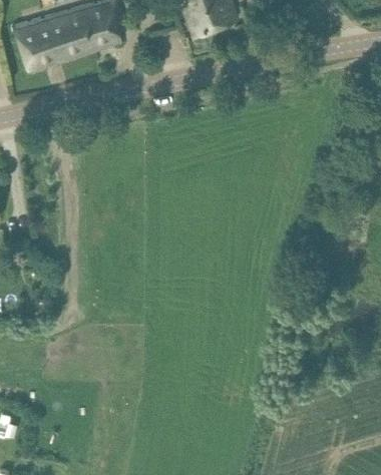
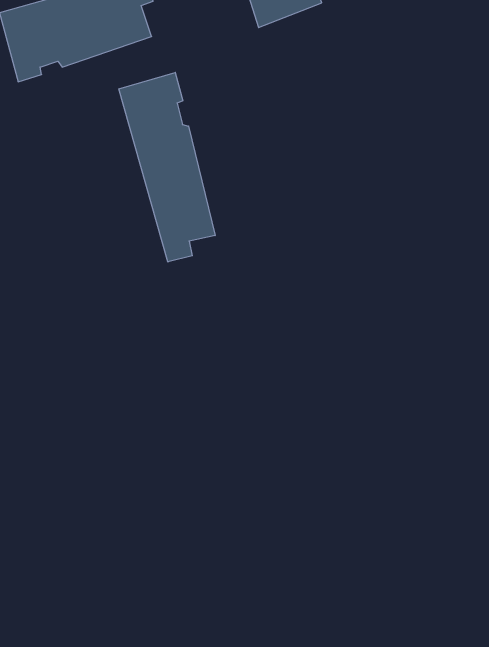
building: none -> [119,72,215,262]

